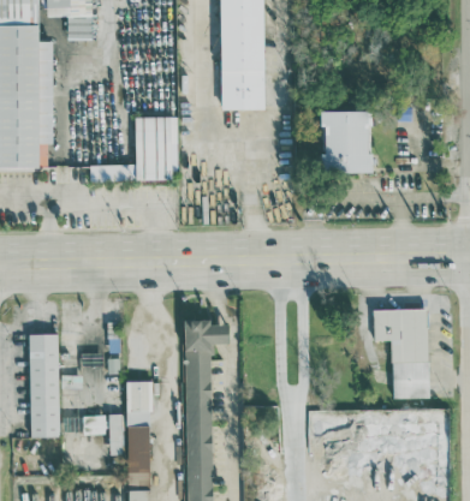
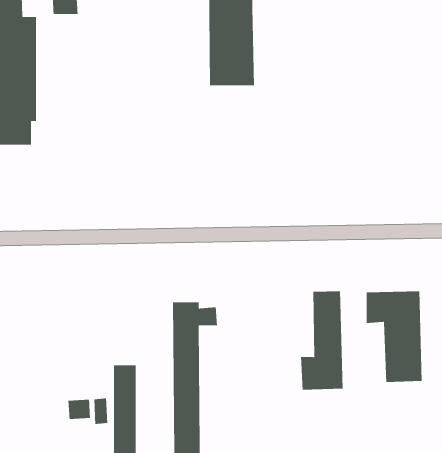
building: [322,111,373,173] -> none
building: [90,117,179,181] -> none
building: none -> [300,291,344,391]
building: [29,334,60,437] -> none

